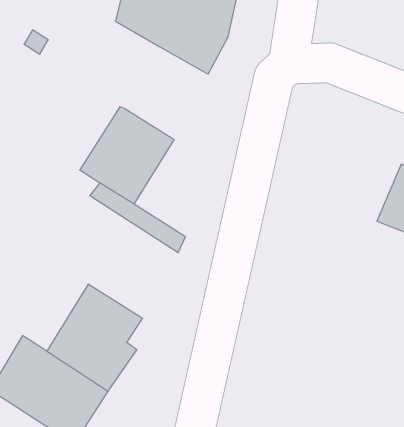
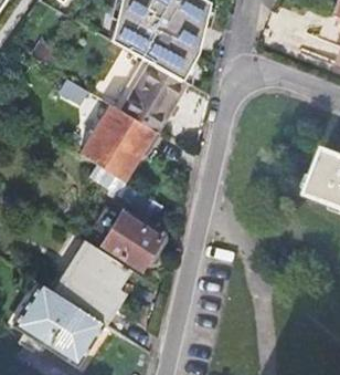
building: none -> [115,59,185,133]
building: none -> [100,213,159,269]

